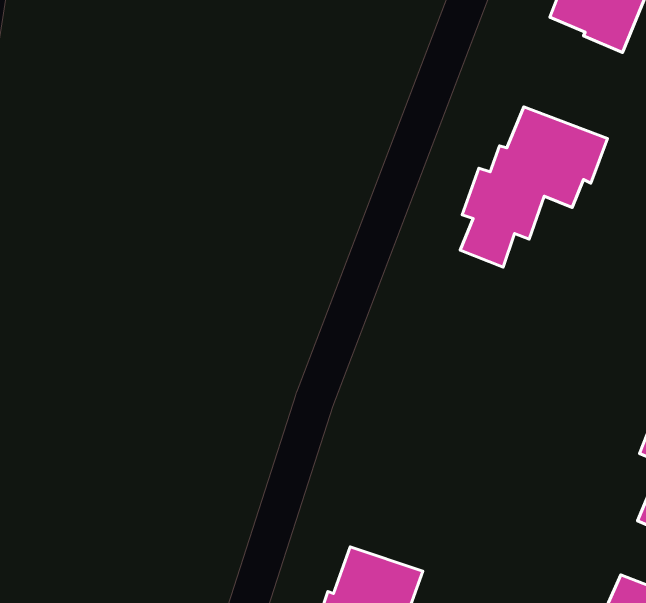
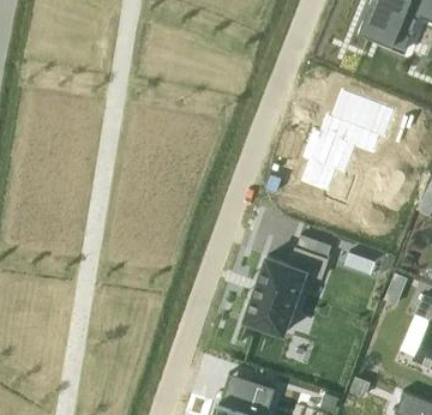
building: none -> [246,247,328,332]

